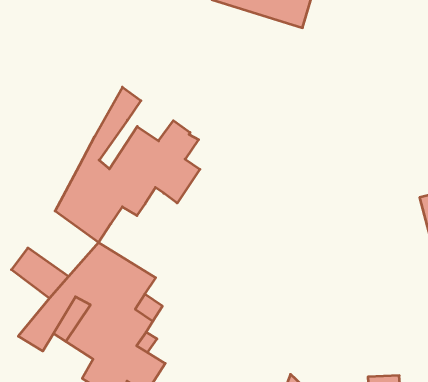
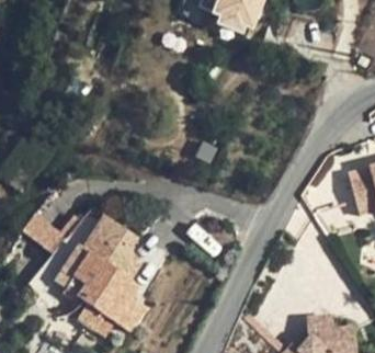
building: [55,87,200,242] -> none

